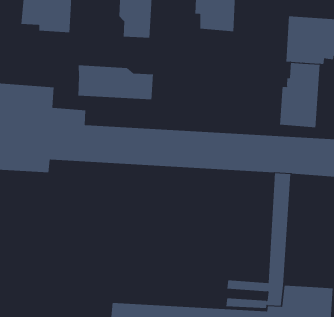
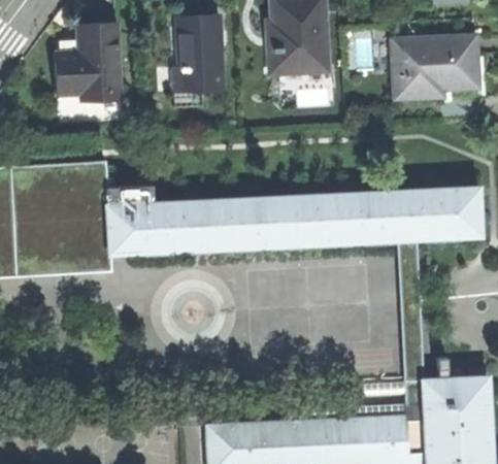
building: [279,62,320,128] -> none
building: [78,65,153,100] -> none

